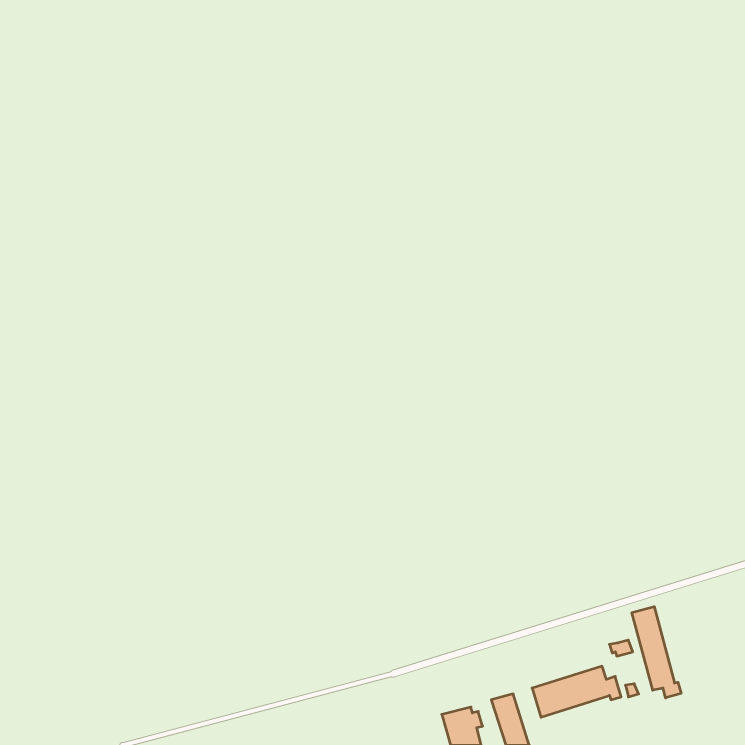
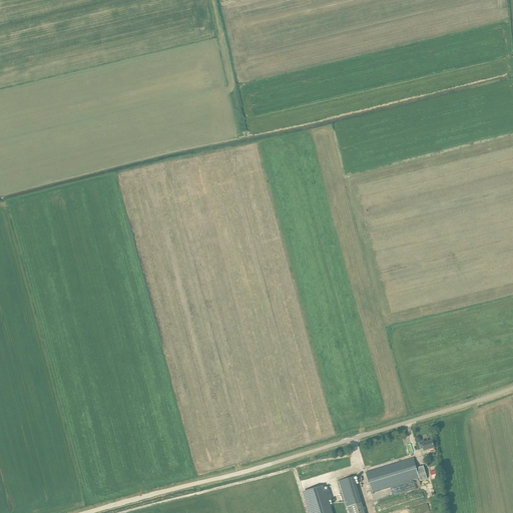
building: [632,607,681,698] -> none

